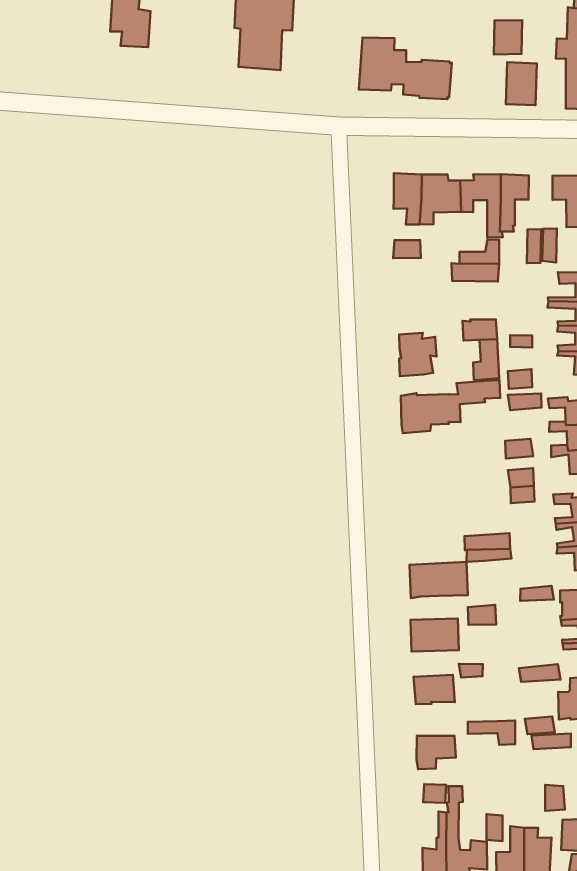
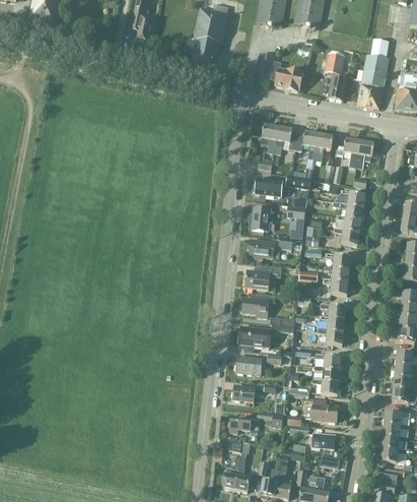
building: none -> [254,178,283,195]
building: none -> [246,264,283,289]
building: none -> [239,293,276,317]

